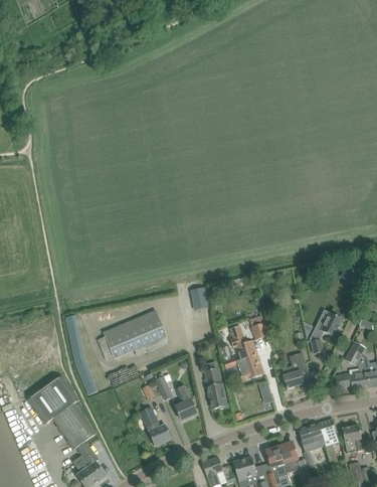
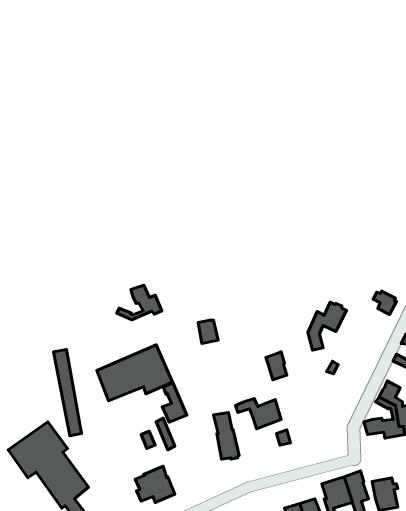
building: none -> [117,285,162,320]
building: [310,311,343,352] -> [308,302,346,350]
building: [230,325,257,362] -> none
building: [282,351,306,388] -> none
building: [175,384,196,419] -> [162,382,187,422]

